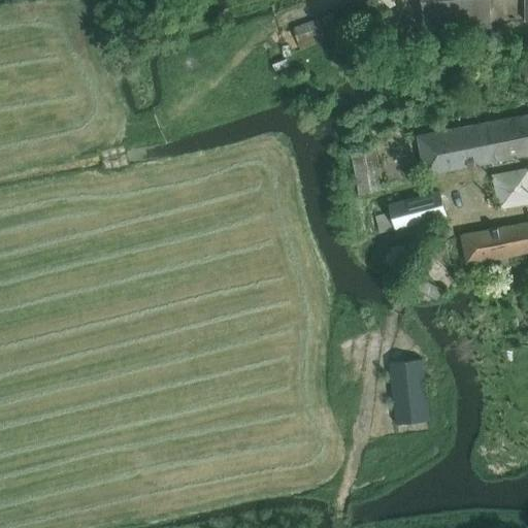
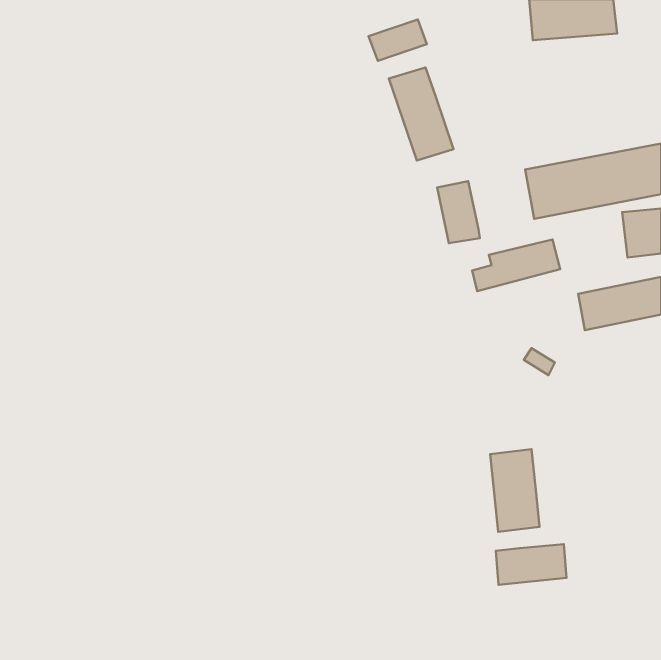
building: none -> [389,67,454,160]
building: none -> [496,544,566,585]

